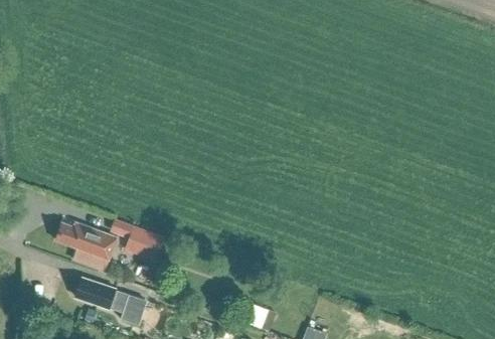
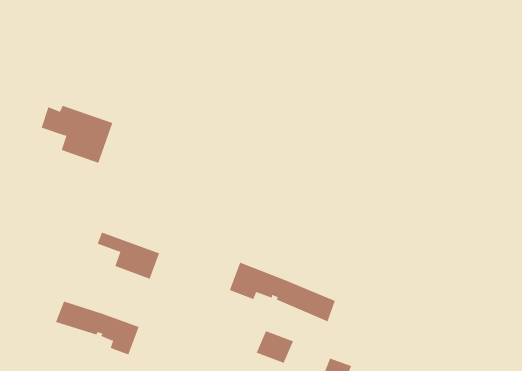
building: [55,221,117,271] -> [41,105,113,163]
building: none -> [229,262,336,322]

